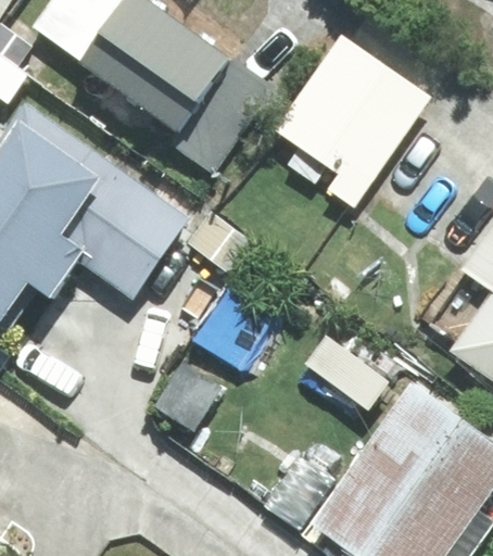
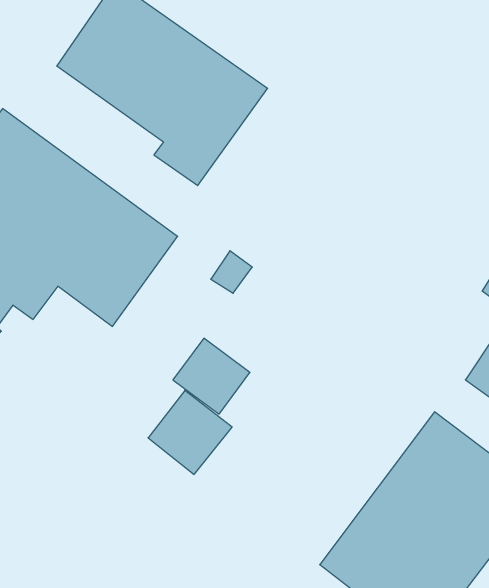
building: [273,34,428,205] -> none

